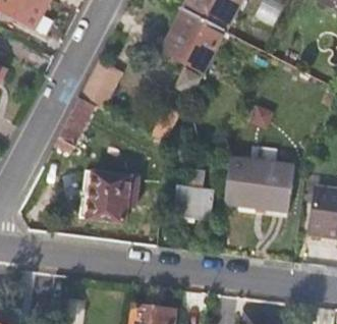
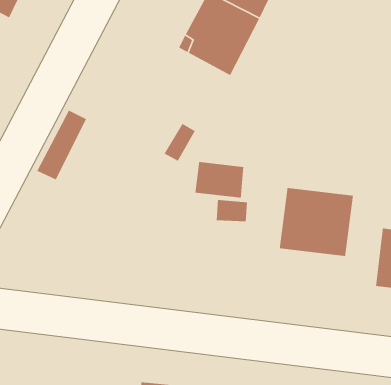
building: [77,172,127,223] -> none
building: [171,186,209,215] -> [194,161,244,199]

